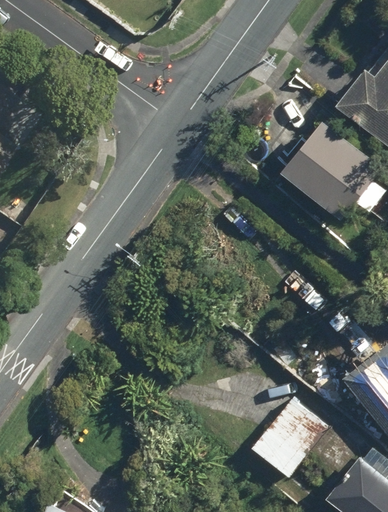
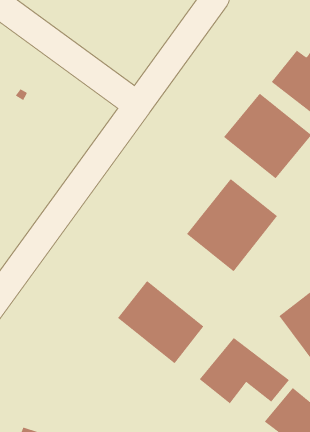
building: none -> [186,178,278,272]
building: none -> [117,280,204,364]

